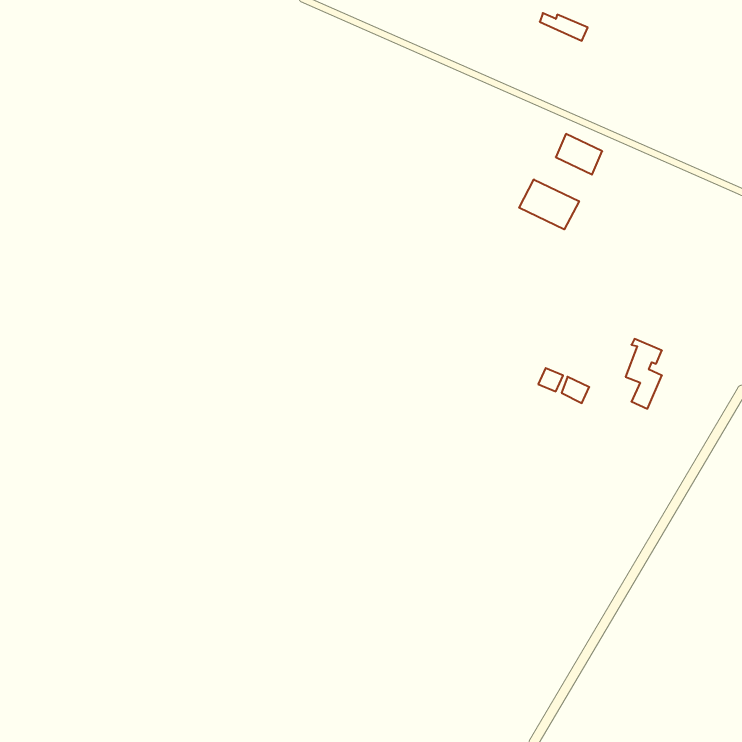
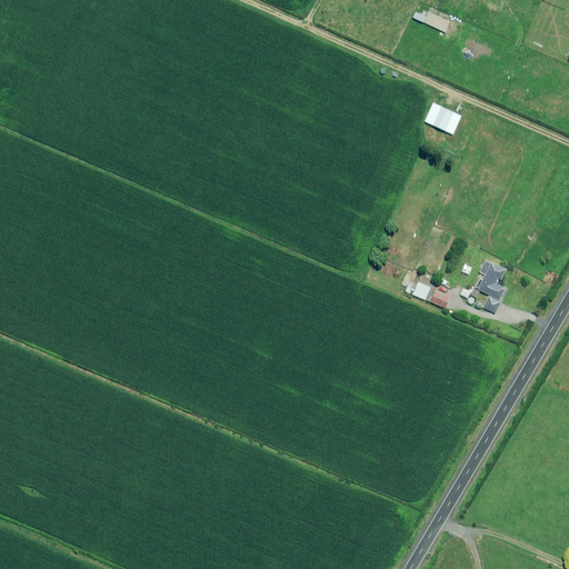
building: [519,179,579,229] -> none

